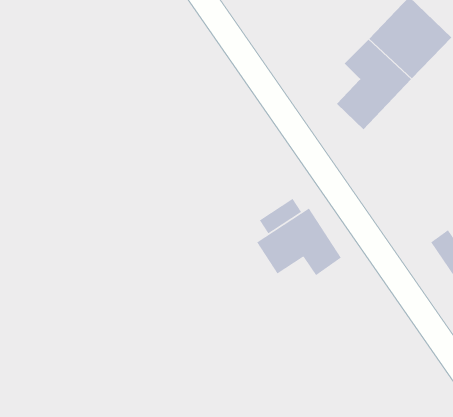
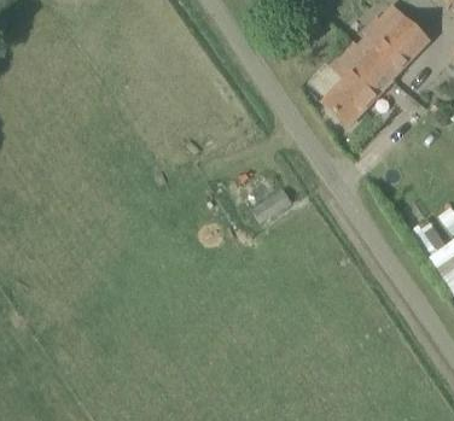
building: [256,208,342,276] -> none

